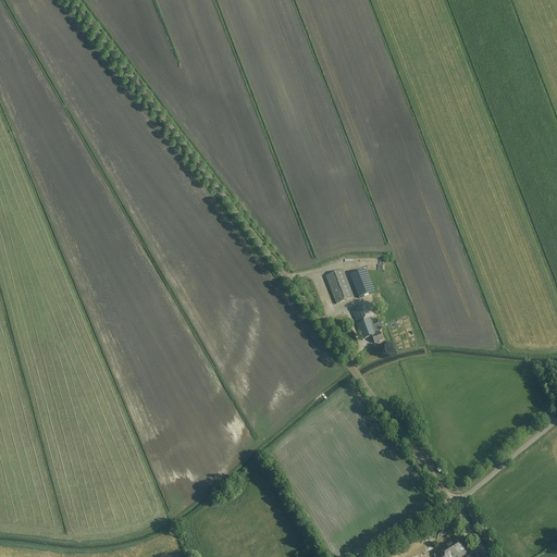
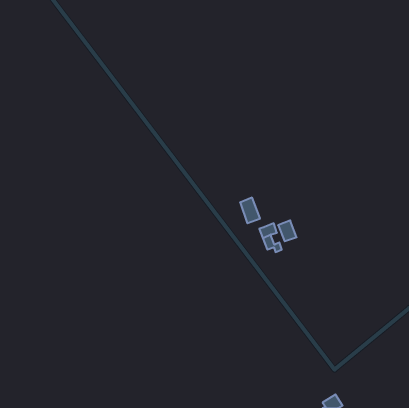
building: [350,269,375,297] -> [278,220,297,241]

